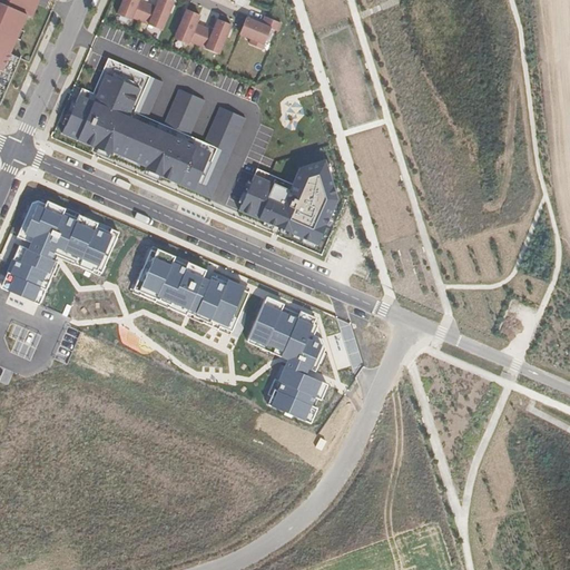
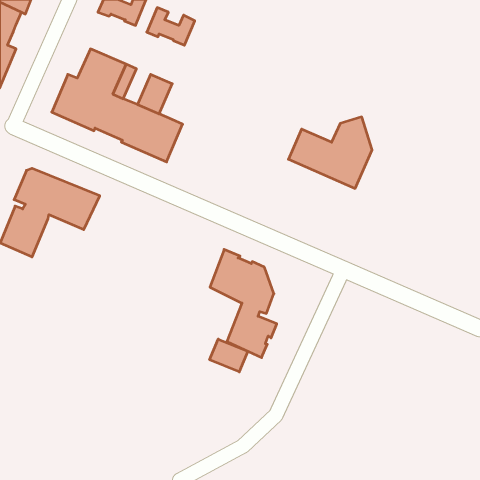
building: [238,16,281,48] -> none
building: [197,106,245,197] -> none
building: [237,159,336,244] -> [288,117,372,188]
building: [132,245,248,331] -> none
building: none -> [210,339,248,372]

